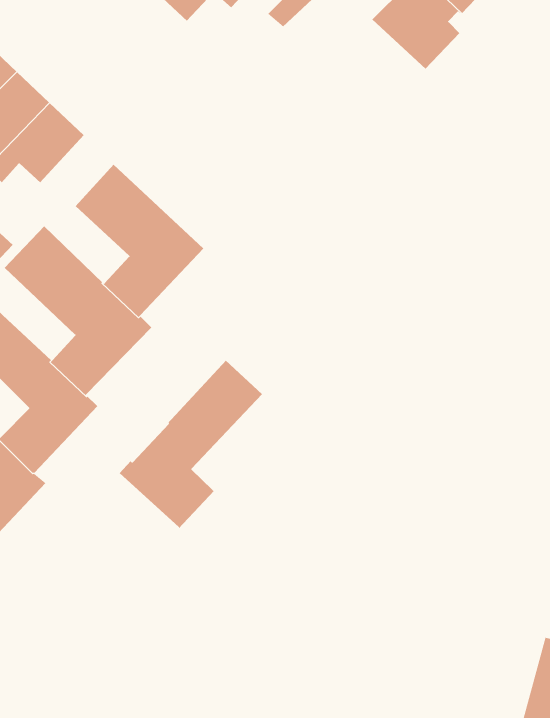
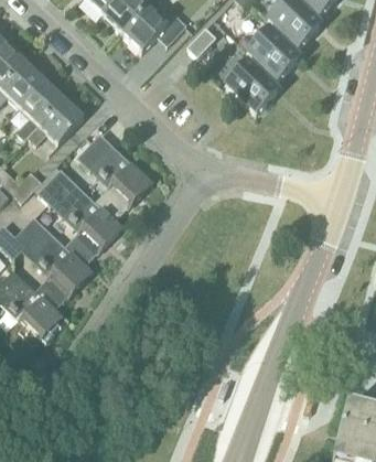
building: none -> [227,50,279,112]
building: [119,360,263,529] -> none

